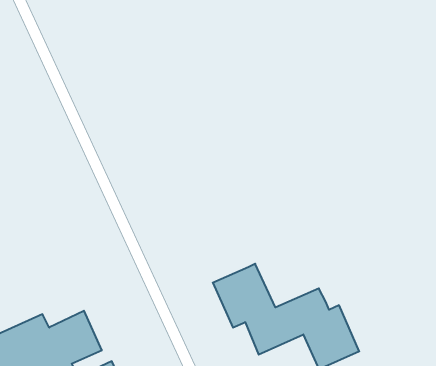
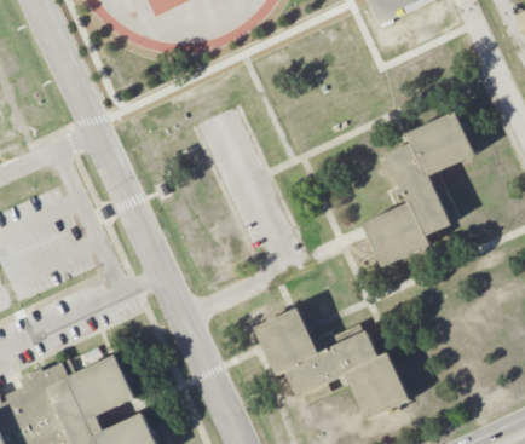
building: none -> [360,113,472,267]

